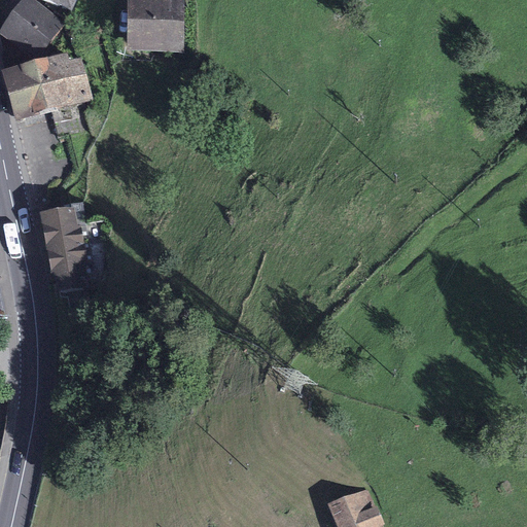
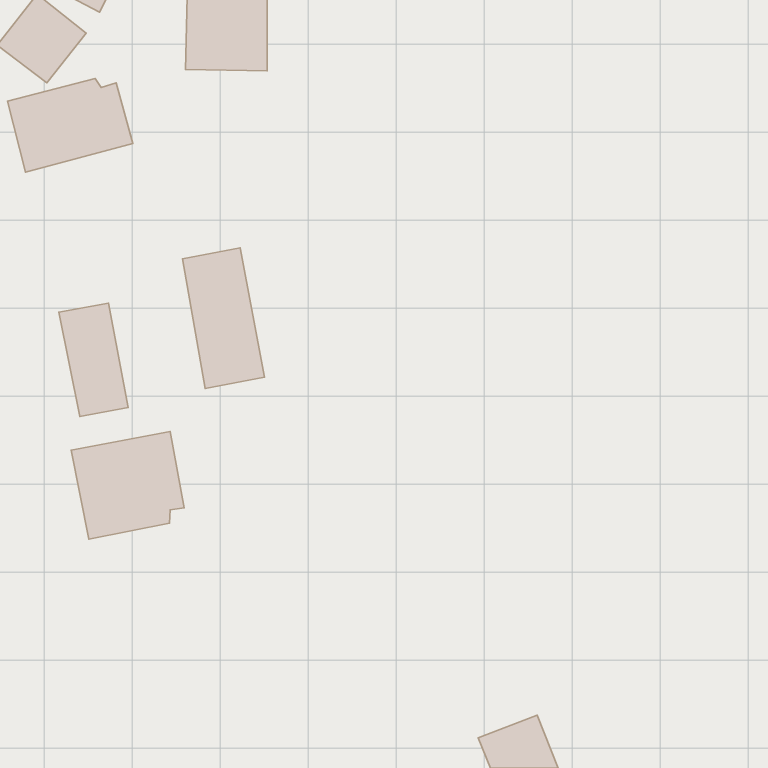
building: none -> [183,248,265,389]
building: none -> [71,432,184,539]

